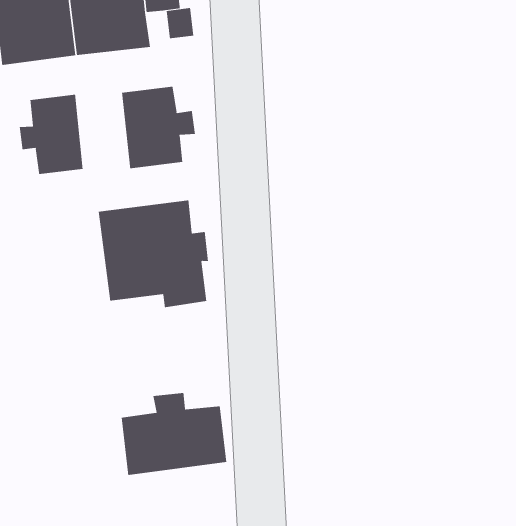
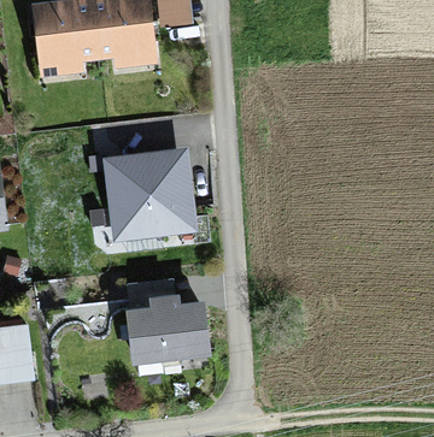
building: [122,86,195,169] -> none
building: [19,94,83,175] -> none

